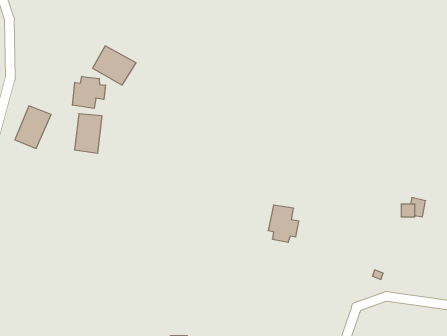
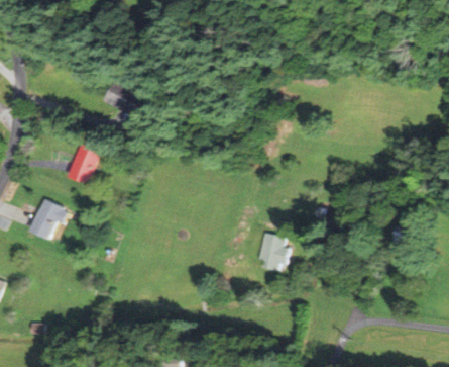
building: [72,76,105,108] -> none
building: [15,106,51,148] -> [31,199,66,240]

